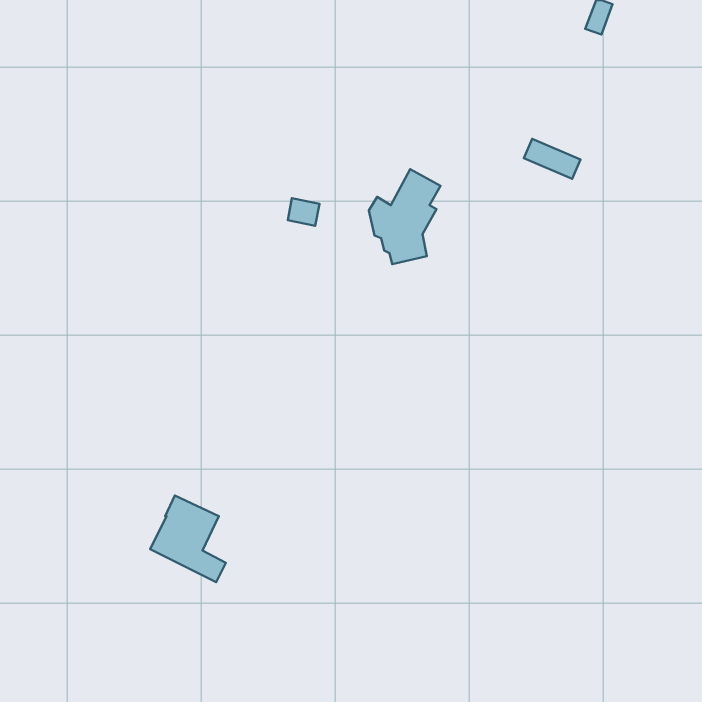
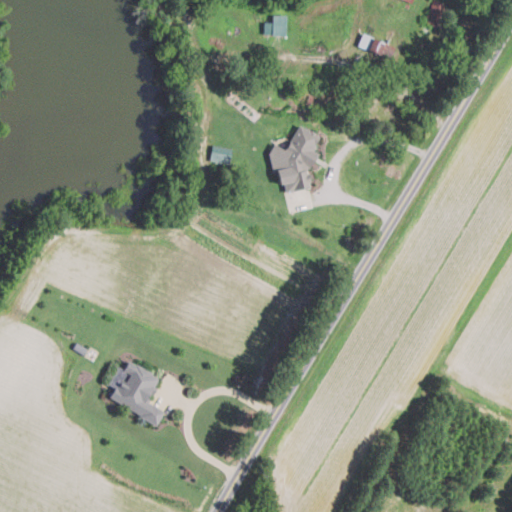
building: none -> [264,15,287,36]
building: [524,139,580,179] -> [357,33,398,62]

